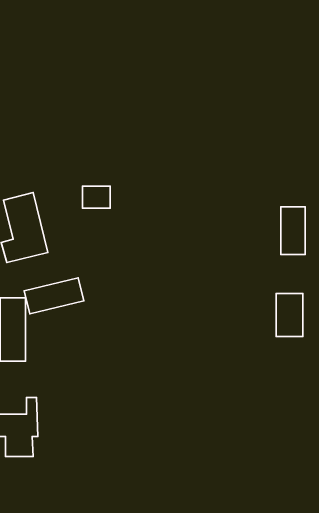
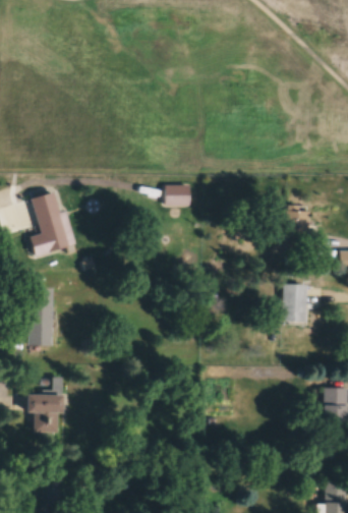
building: [83,186,110,208] -> [164,185,189,206]
building: [24,278,84,314] -> none

